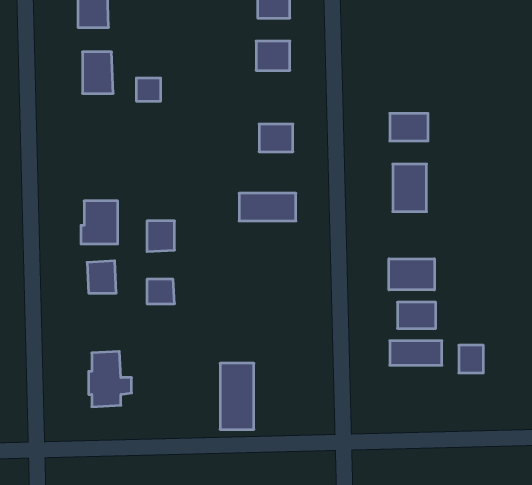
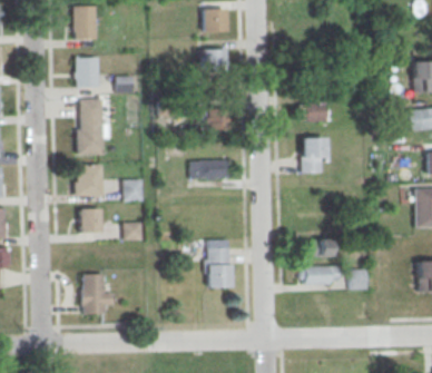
building: none -> [77,99,104,155]
building: [389,259,434,290] -> none
building: [220,363,254,429] -> [208,239,233,287]

